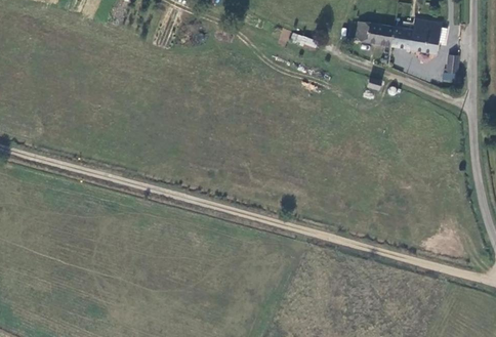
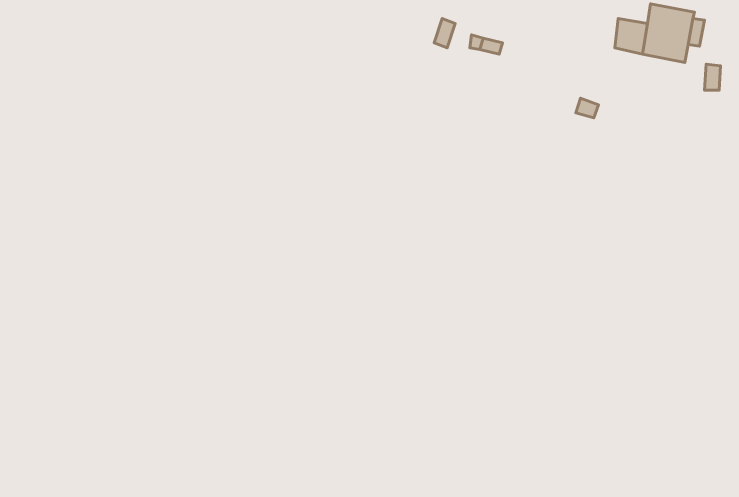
building: [354,22,392,45] -> none

